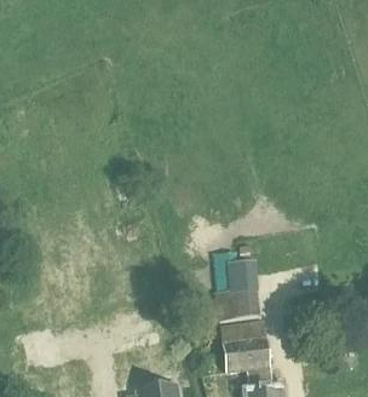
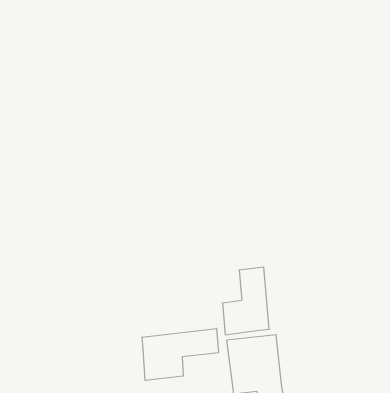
building: none -> [142,328,219,380]

